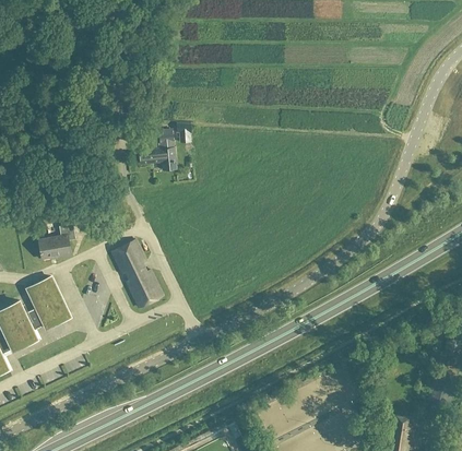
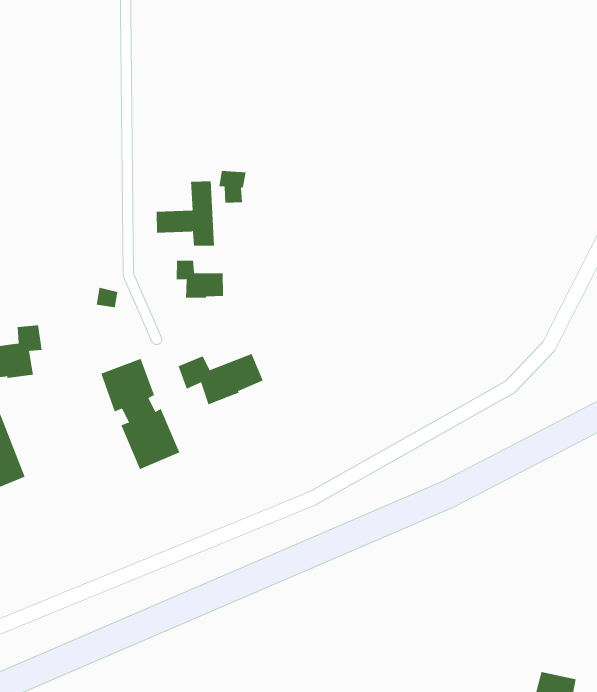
building: none -> [176,260,224,298]
building: none -> [178,353,264,405]

